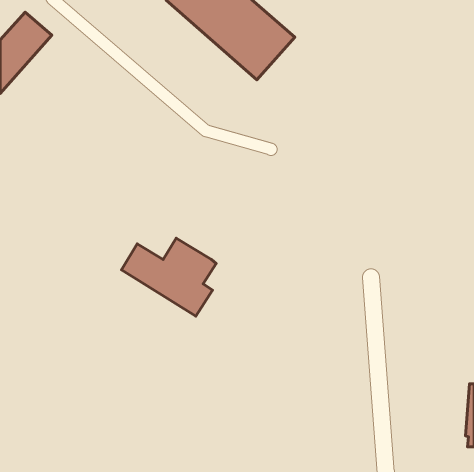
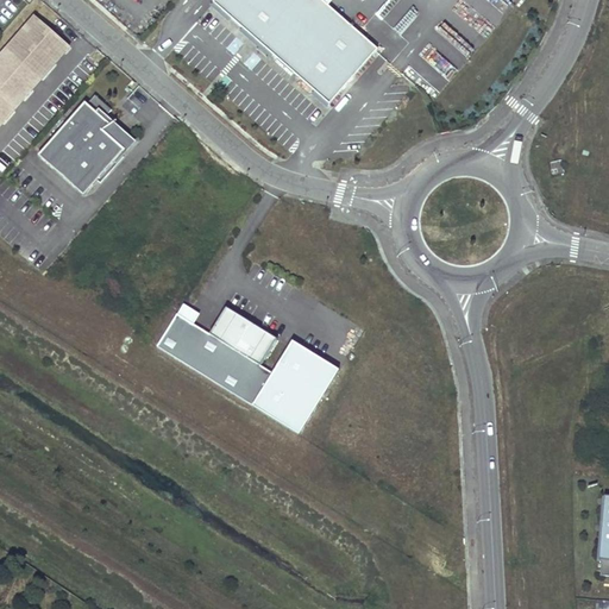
building: none -> [37,94,130,194]
building: none -> [251,337,338,432]

